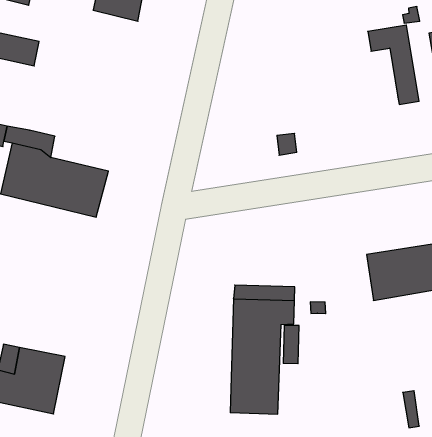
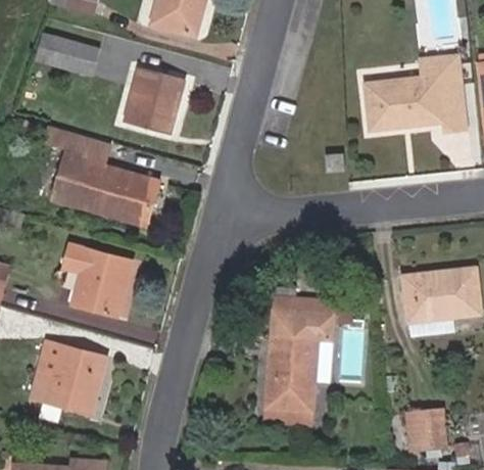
building: none -> [365,76,443,132]
building: none -> [125,67,183,134]
building: none -> [64,243,133,314]
building: none -> [407,411,436,449]

